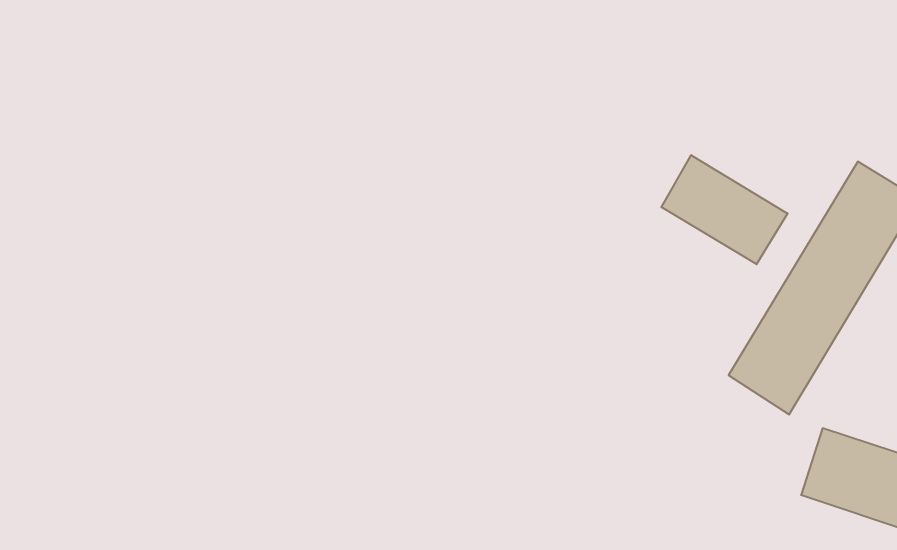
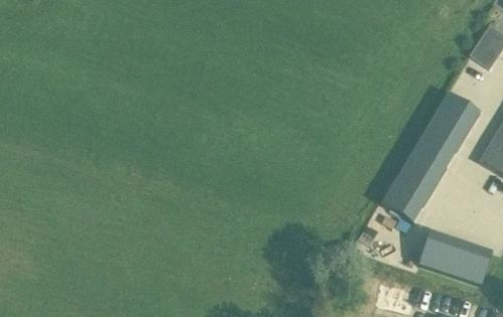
building: [661,155,788,264] -> none

